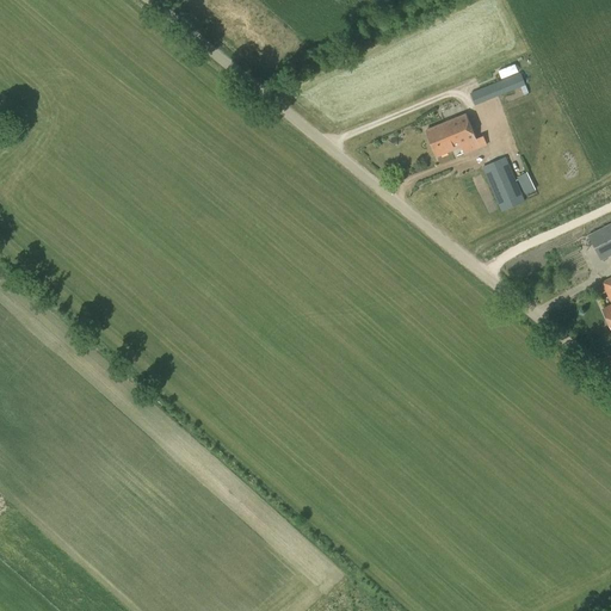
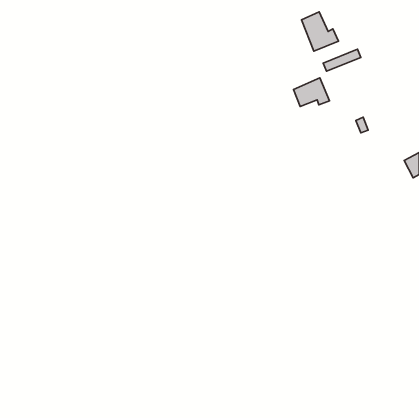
building: none -> [301,12,338,51]
building: [482,155,525,210] -> none

